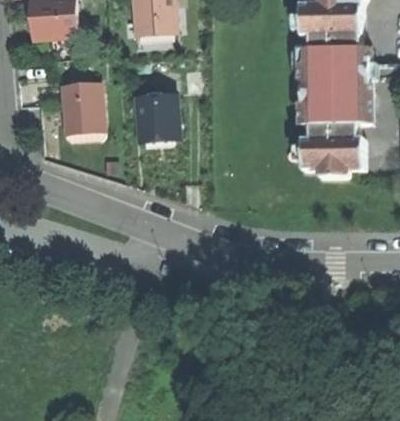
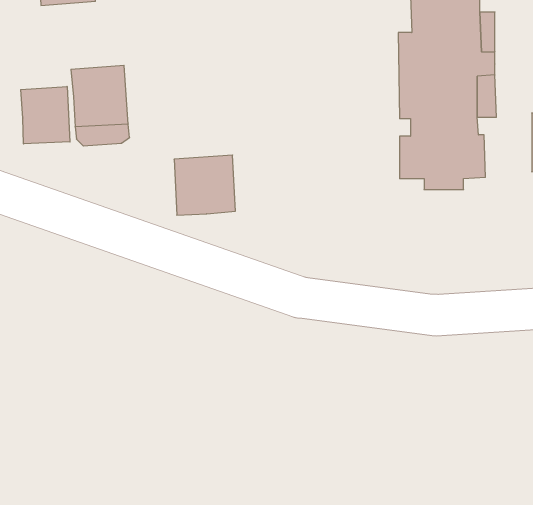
building: [133,92,178,136] -> [174,155,235,215]
building: none -> [21,86,70,144]

